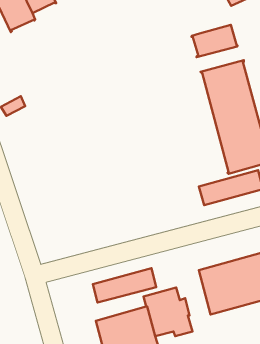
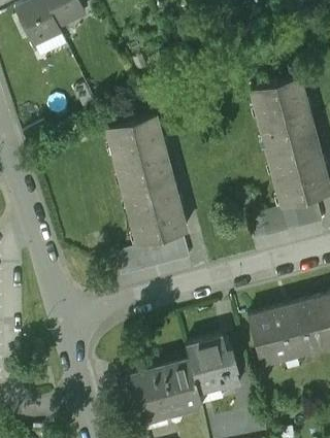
building: [192,25,238,57] -> none
building: none -> [106,113,186,243]
building: [93,268,156,302] -> [116,236,188,275]

